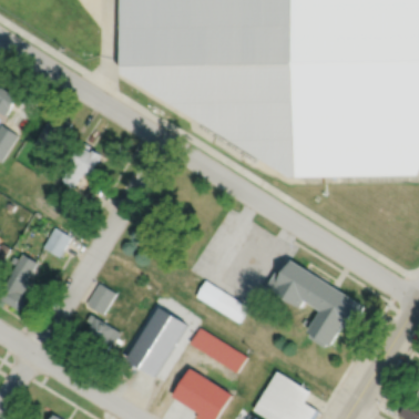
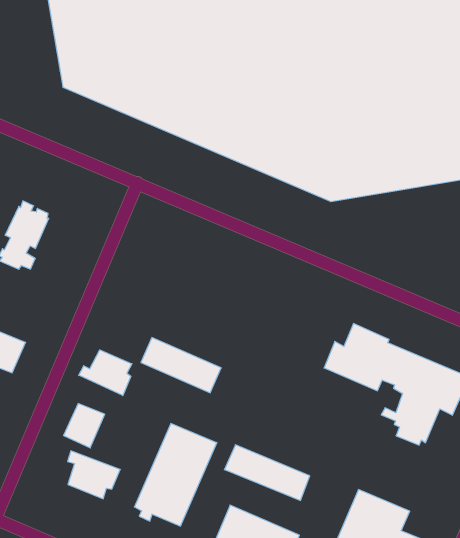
building: none -> [79,350,132,396]
building: [196,280,249,324] -> [141,338,221,393]

